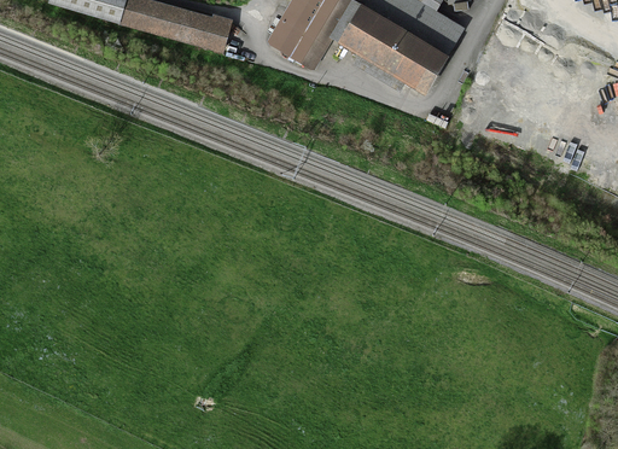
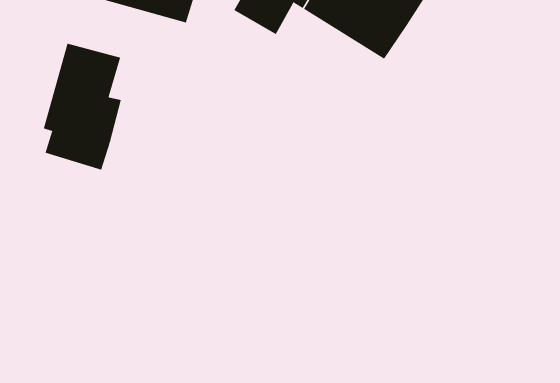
building: none -> [43,43,122,170]

